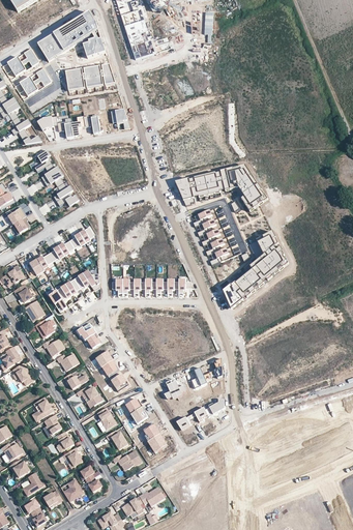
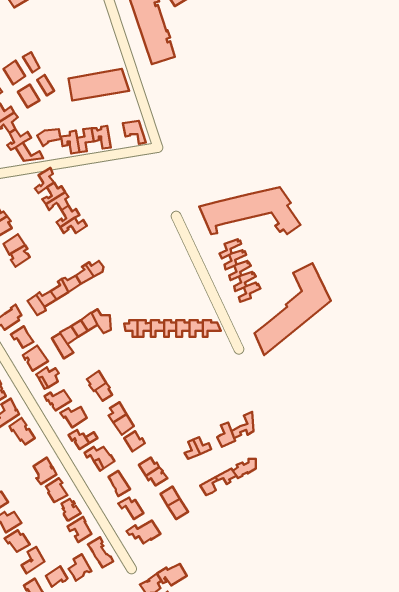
building: [37,12,105,61] -> none

